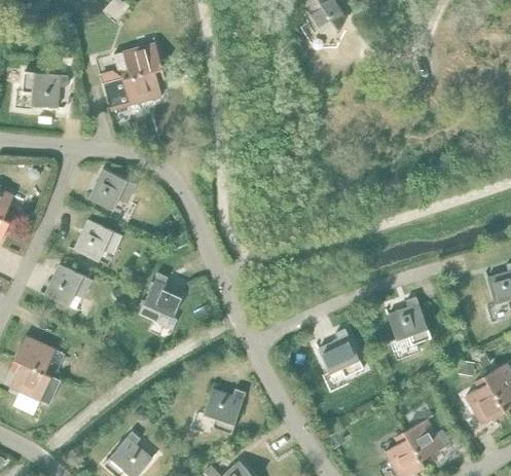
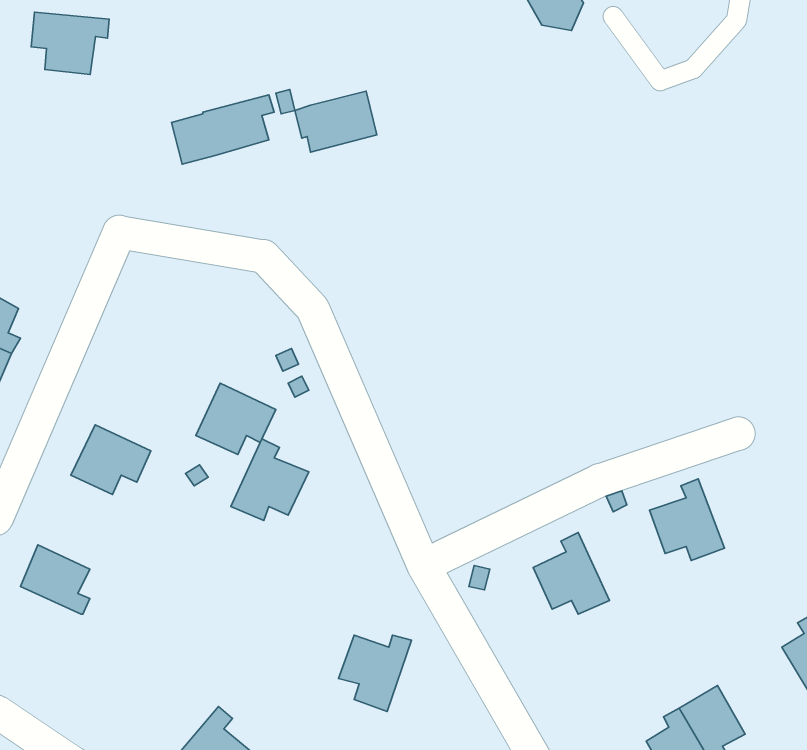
building: [113,43,161,79] -> [295,91,377,152]
building: [22,71,68,108] -> [31,12,109,75]
building: [88,169,136,210] -> none
building: [74,219,121,261] -> [196,383,276,455]
building: [9,360,61,405] -> none

